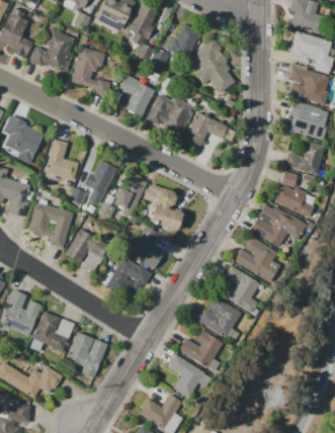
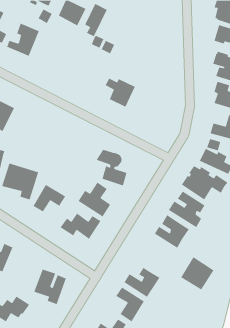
building: [168,22,200,59] -> none
building: [193,39,235,93] -> none
building: [72,46,105,90] -> none
building: [122,76,156,117] -> none
building: [184,111,232,148] -> none
building: [46,139,79,180] -> none
building: [69,159,117,206] -> none
building: [113,172,148,209] -> none
building: [198,295,241,338] -> [180,256,215,291]
building: [33,311,75,351] -> none

